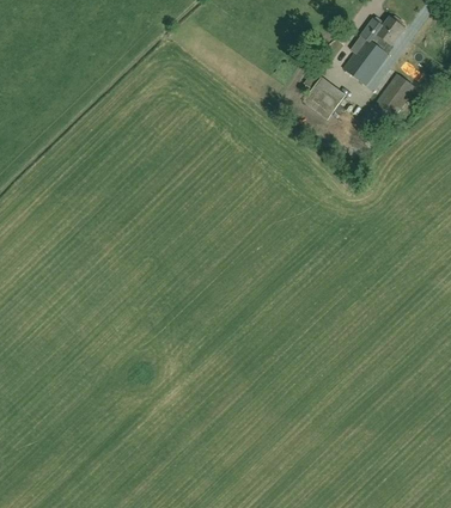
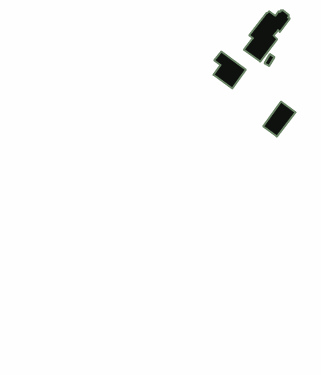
building: [373,73,416,120] -> [263,102,296,137]

